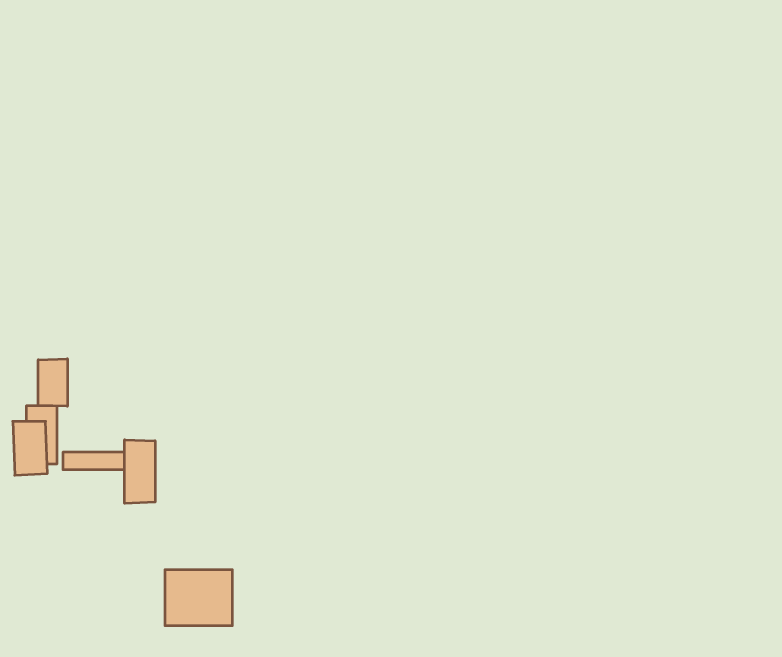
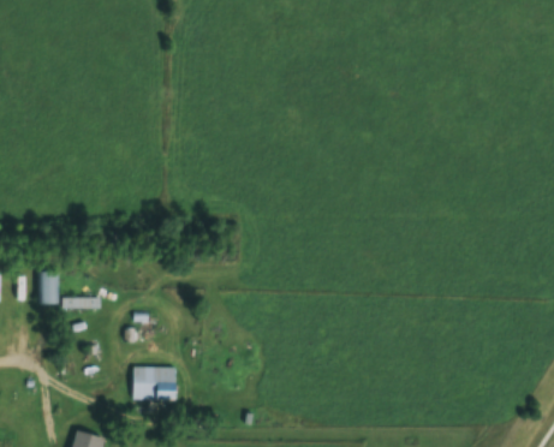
building: [38,359,67,406] -> none
building: [125,440,155,503] -> none

